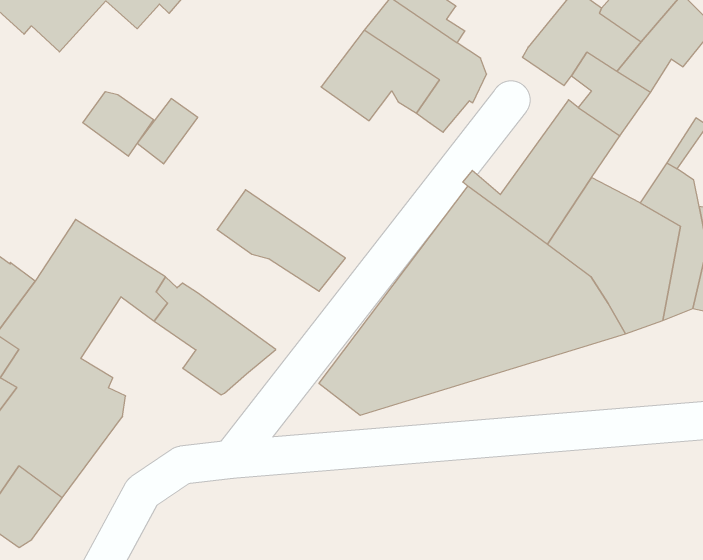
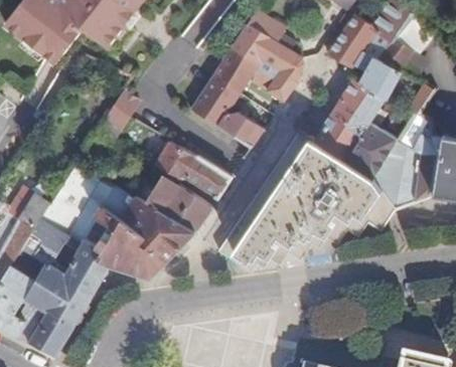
building: none -> [192,78,265,147]
building: [83,92,153,156] -> none
building: none -> [147,177,210,232]
building: none -> [82,207,164,277]

